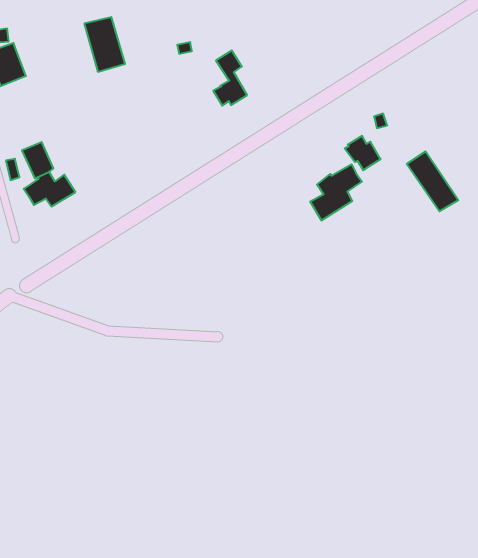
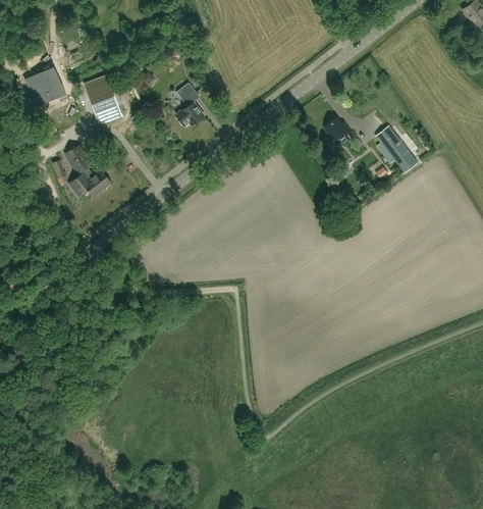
building: [84,17,125,72] -> [85,78,120,122]
building: [213,51,247,106] -> [176,82,204,126]
building: [310,164,362,221] -> none

